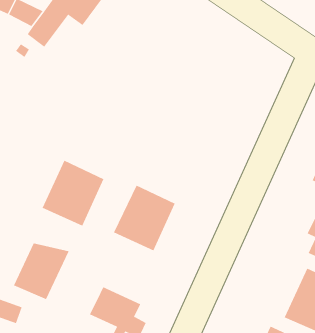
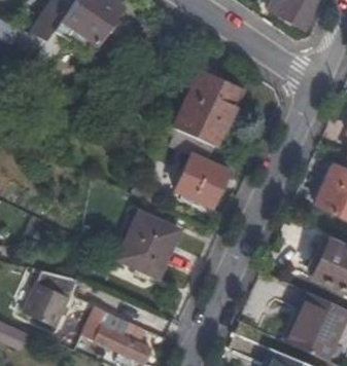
building: none -> [170,60,242,146]
building: none -> [175,152,228,205]
building: [42,160,104,227] -> none

